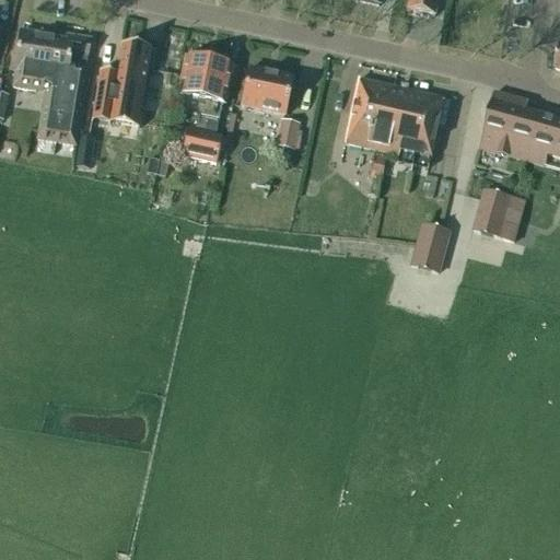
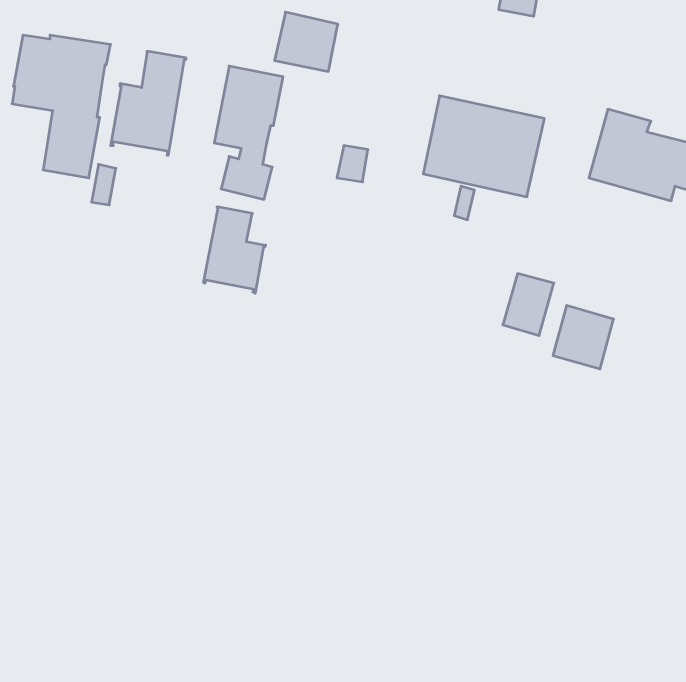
building: [242,66,293,114] -> [275,12,338,71]
building: none -> [204,207,266,293]
building: [476,187,525,238] -> [553,306,614,369]

